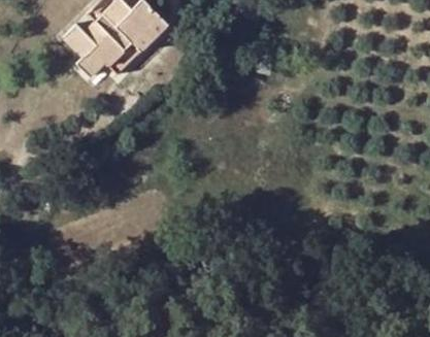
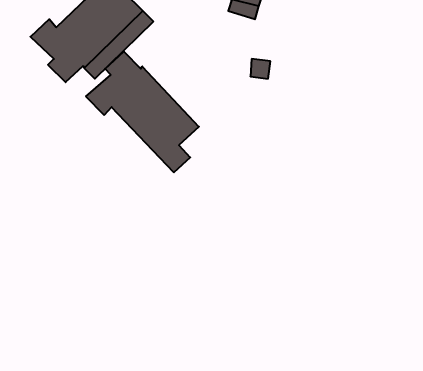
building: none -> [86,51,199,172]

